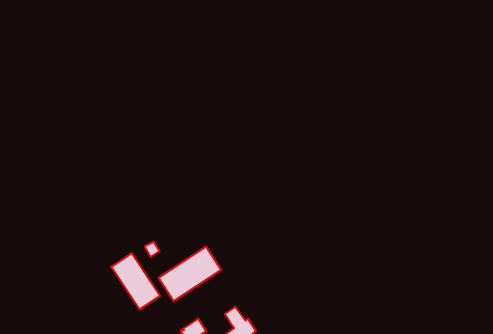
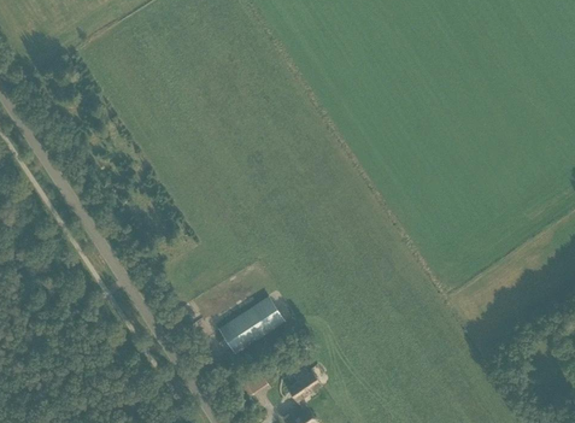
building: [111,253,160,310] -> none

